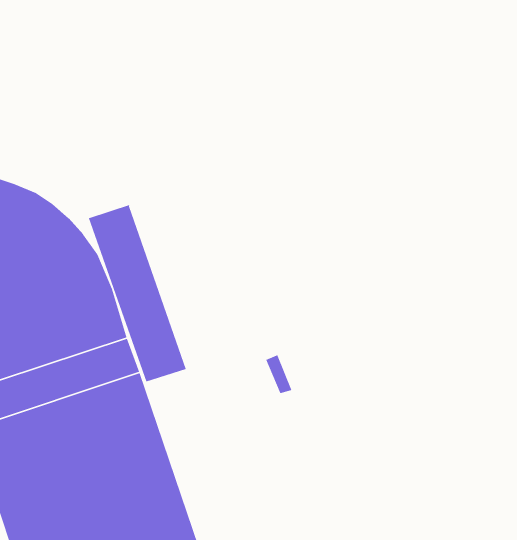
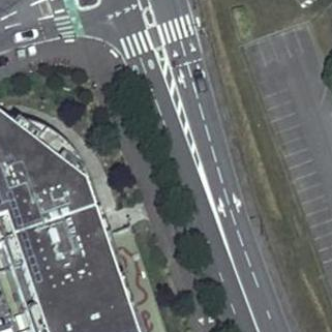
building: [88,204,187,382] -> none

